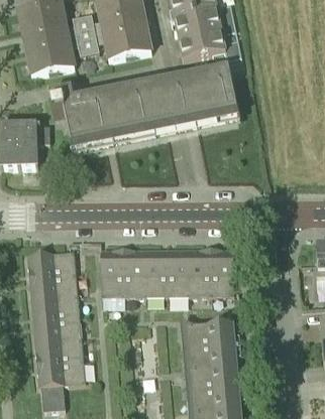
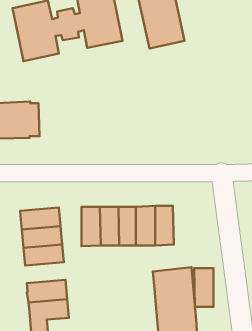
building: [47,66,237,145] -> none
building: [210,247,233,293] -> [194,268,213,307]
building: [32,314,81,339] -> none

